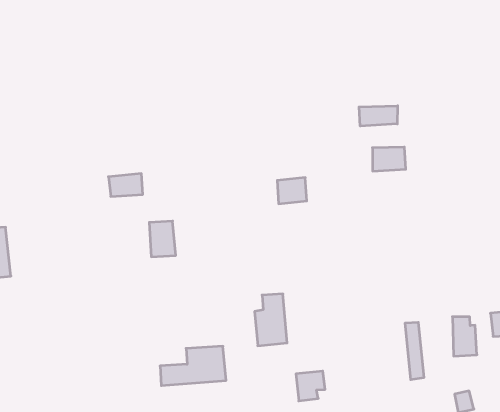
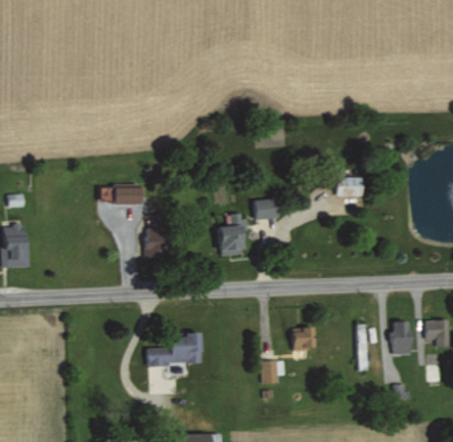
building: [359,106,398,126] -> none
building: [255,294,287,346] -> [219,214,244,256]
building: none -> [293,327,316,350]

